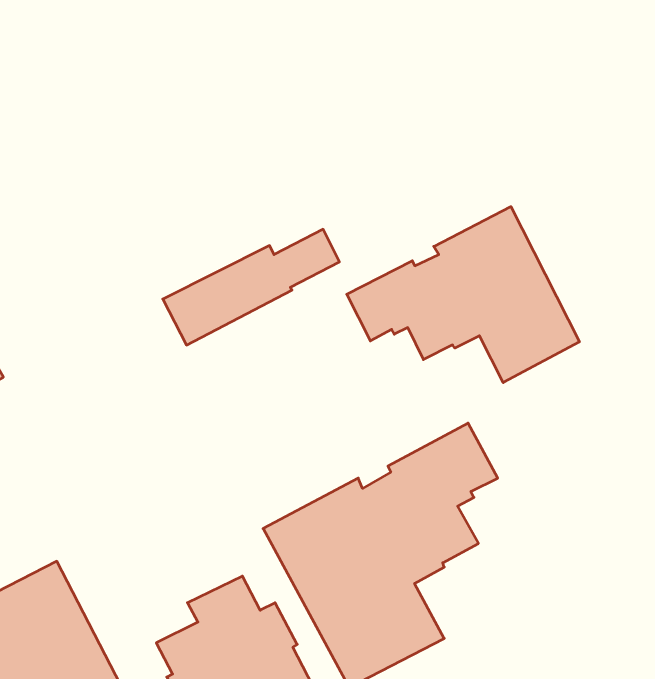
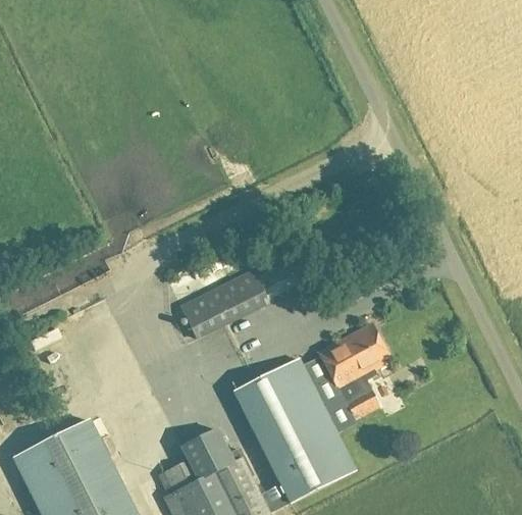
building: [347,207,579,383] -> none
building: [163,229,339,345] -> [180,259,302,339]

